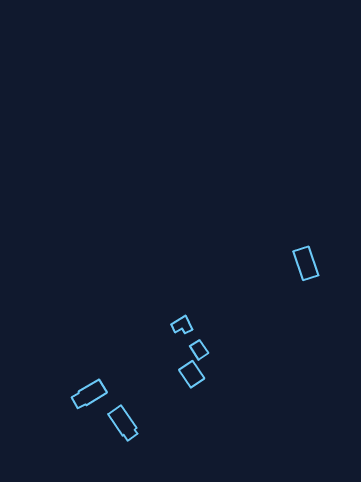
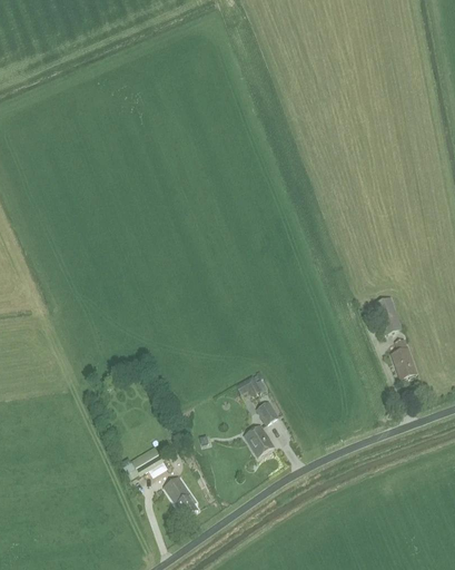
building: none -> [390,337,416,379]

